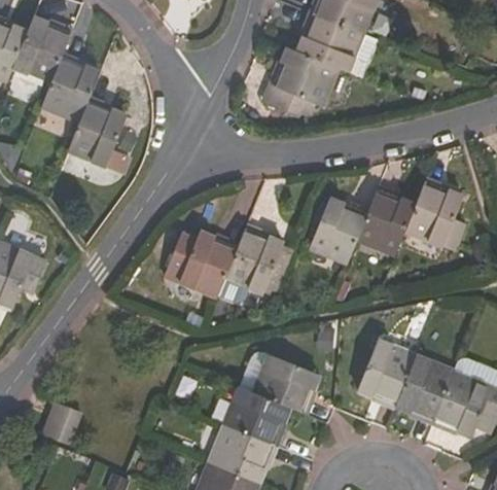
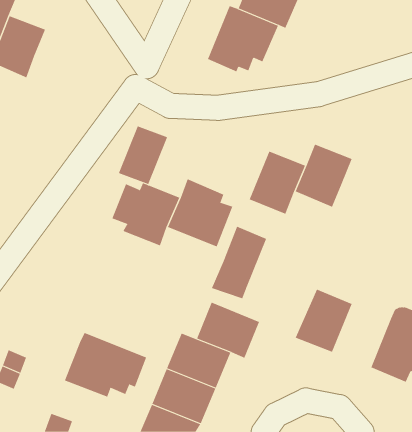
building: [68,100,127,167] -> none
building: none -> [118,125,168,185]
building: [405,181,463,246] -> none
building: none -> [211,226,267,299]
building: [395,356,455,422] -> none
building: none -> [64,332,147,398]

